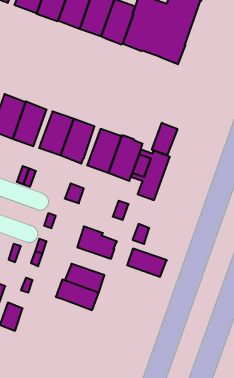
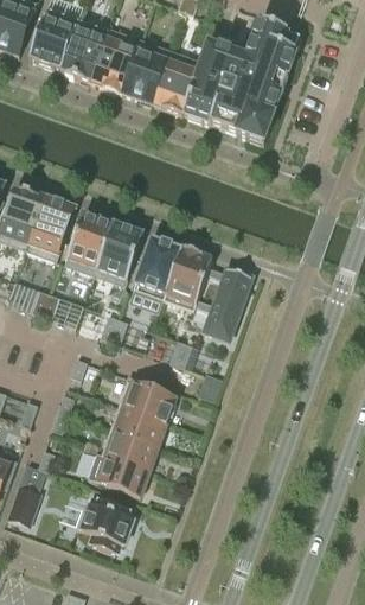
building: [152,123,177,155] -> none
building: [127,249,167,277] -> [110,405,167,445]
building: none -> [76,496,133,549]

